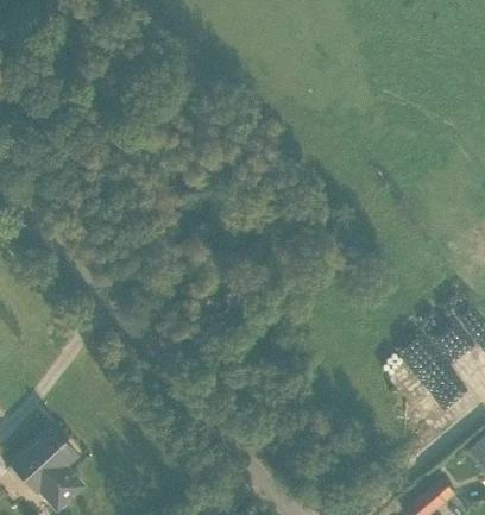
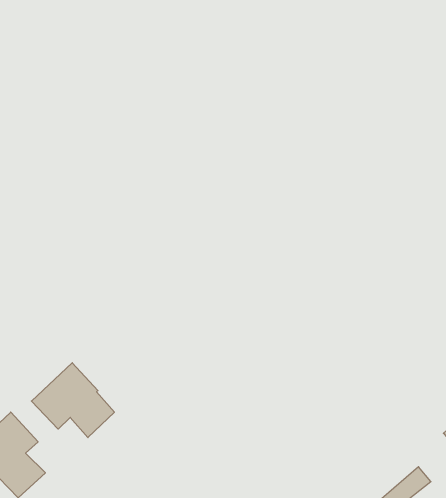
building: none -> [31,363,114,438]

